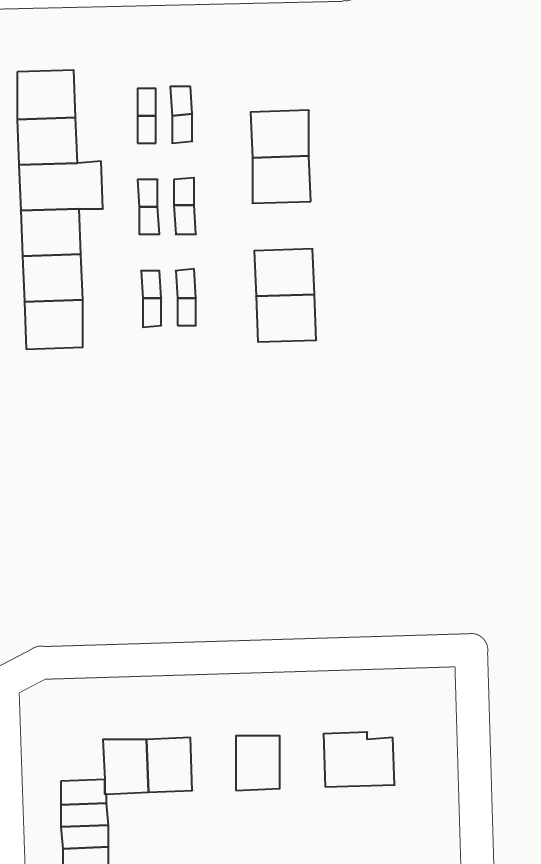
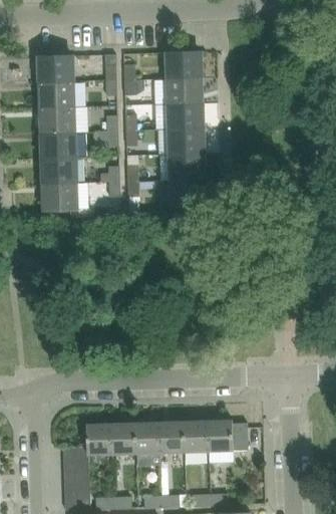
building: none -> [166,52,200,79]
building: none -> [169,128,202,156]
building: none -> [184,422,209,452]
building: none -> [134,423,160,465]

